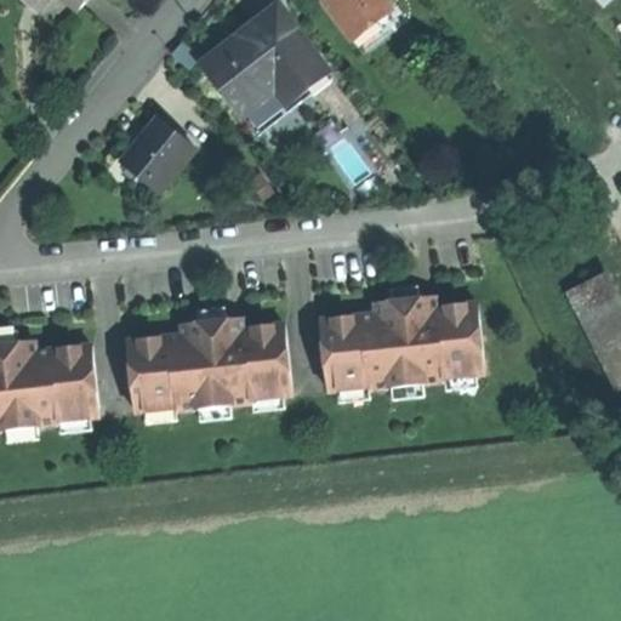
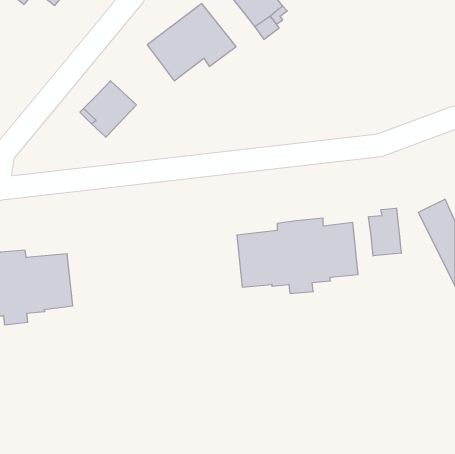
building: [235,63,327,130] -> none
building: none -> [369,208,401,256]
building: [129,317,291,418] -> none

